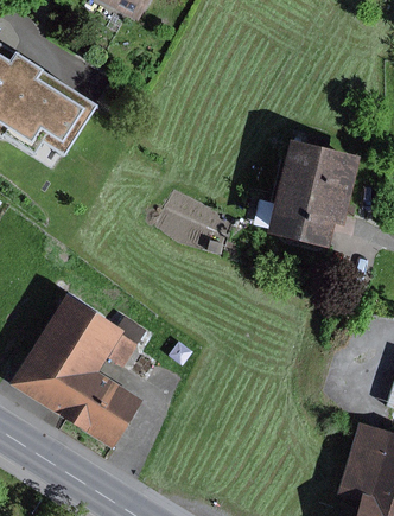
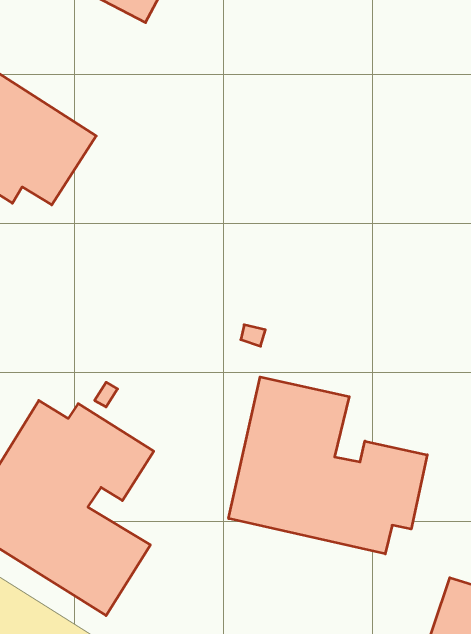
building: [265,138,361,248] -> none
building: none -> [229,377,427,554]

